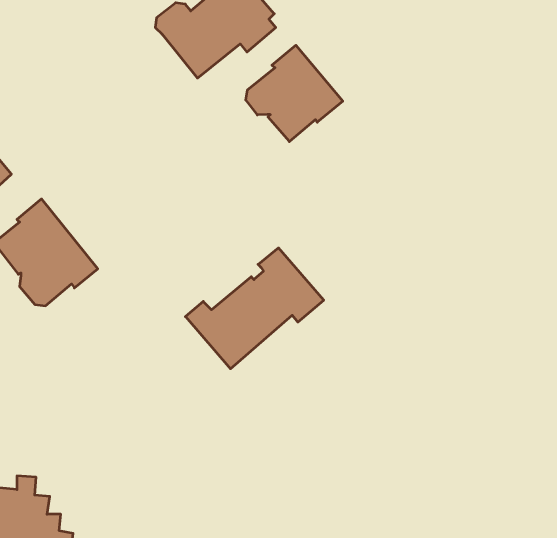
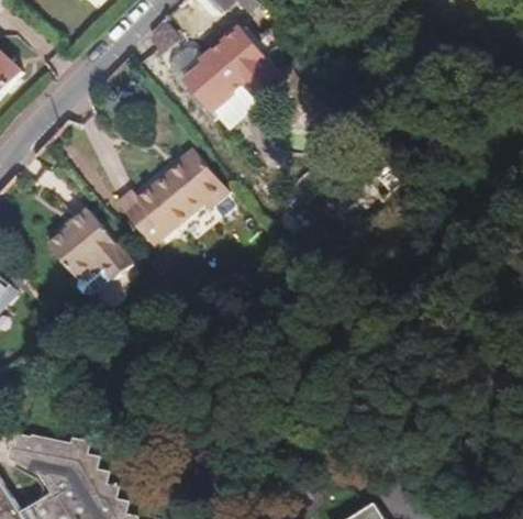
building: [246,45,343,142] -> none
building: [185,248,324,369] -> [115,148,226,245]

